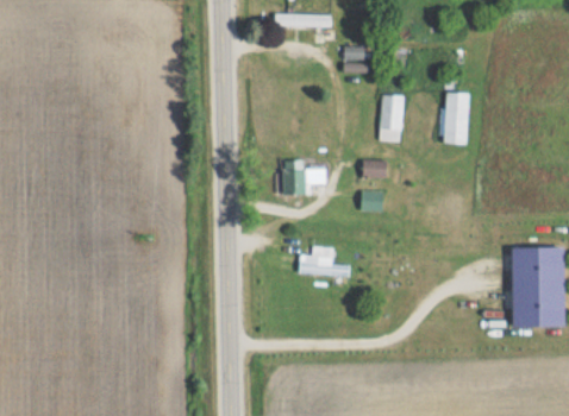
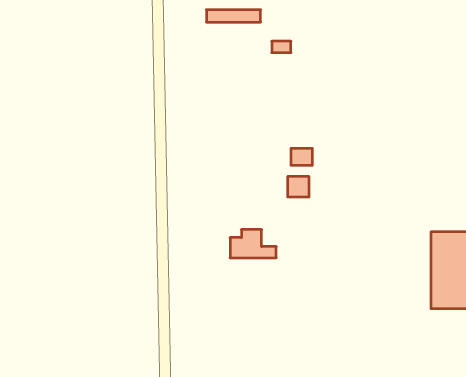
building: [442,93,470,145] -> none
building: [380,95,404,143] -> none
building: [283,160,326,195] -> none

